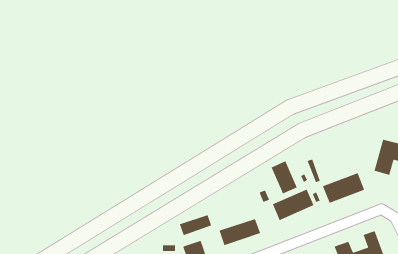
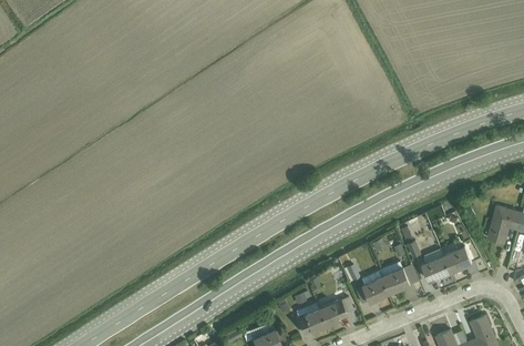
building: [271,160,298,195] -> none
building: [179,214,212,236] -> none

